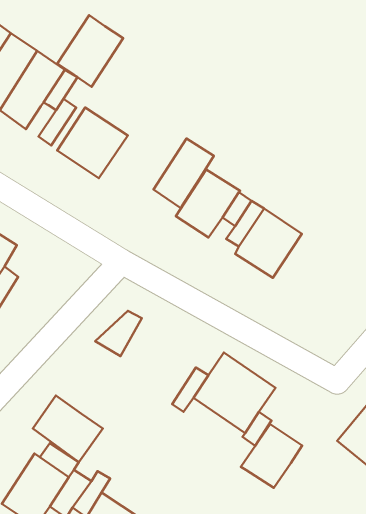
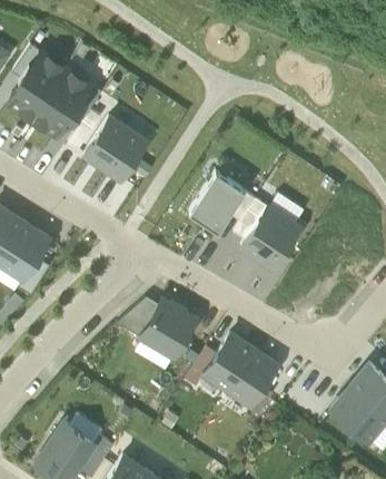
building: [57,15,123,87] -> none
building: [153,139,214,208] -> none
building: none -> [140,299,197,356]
building: [33,396,103,462] -> none
building: [241,424,302,488] -> none

